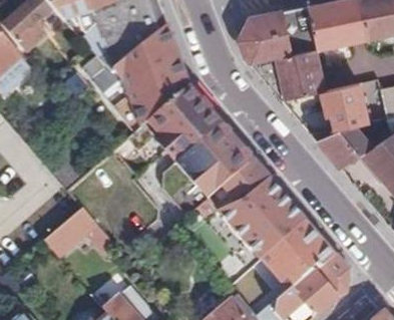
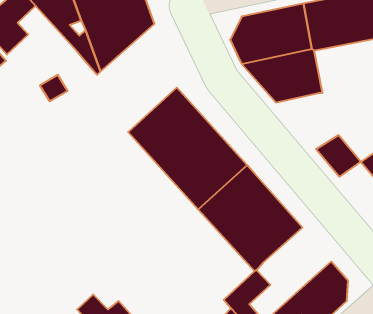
building: [83,25,187,132] -> none
building: [322,82,367,128] -> none
building: [45,207,118,258] -> none
building: [269,218,333,278] -> none

